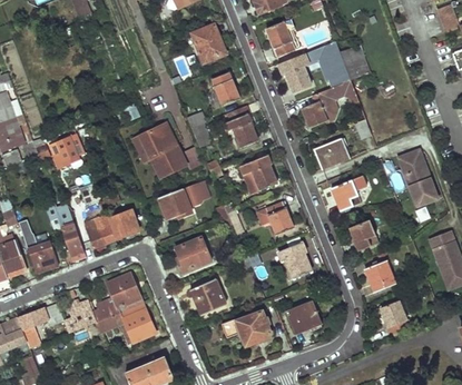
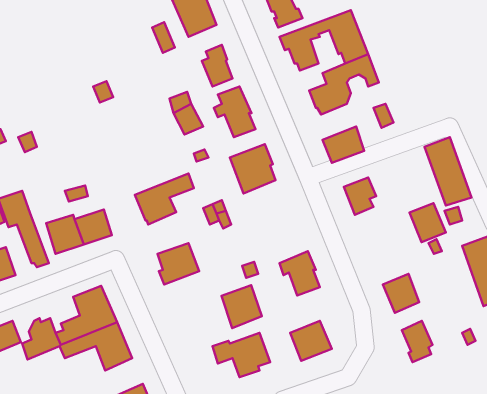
building: [131,122,185,177] -> none
building: [254,200,292,237] -> none
building: [347,221,377,254] -> [409,203,446,242]
building: [190,279,224,315] -> [222,285,262,328]

